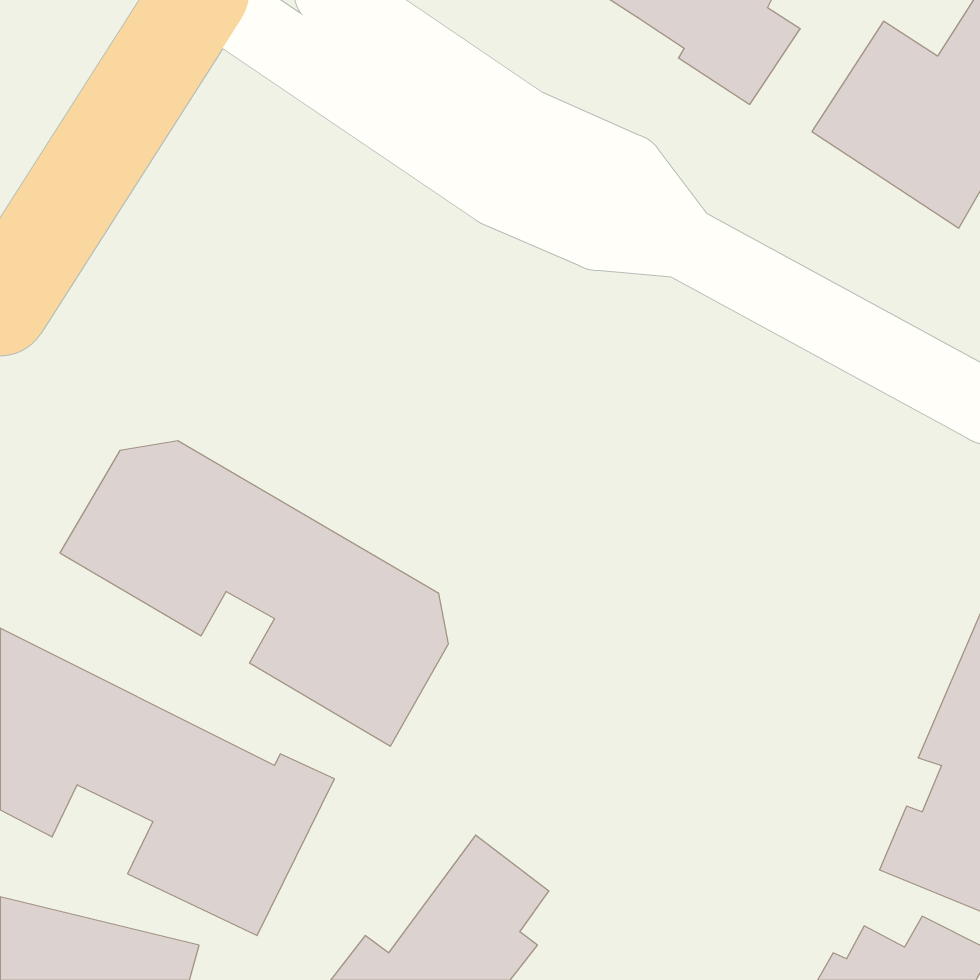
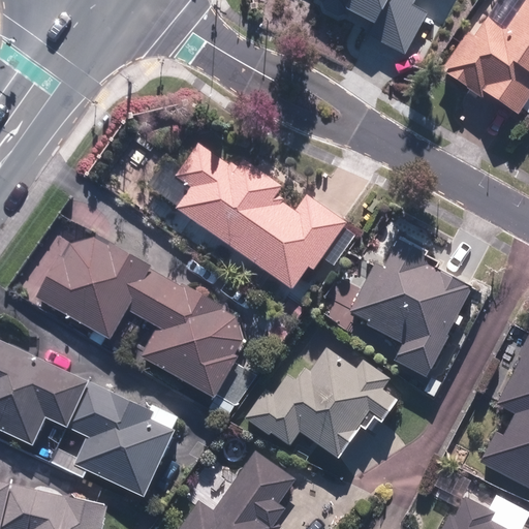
building: none -> [175,144,342,290]
building: none -> [345,239,473,379]
building: none -> [244,346,404,460]

